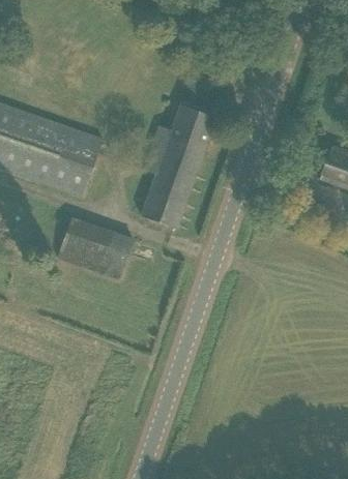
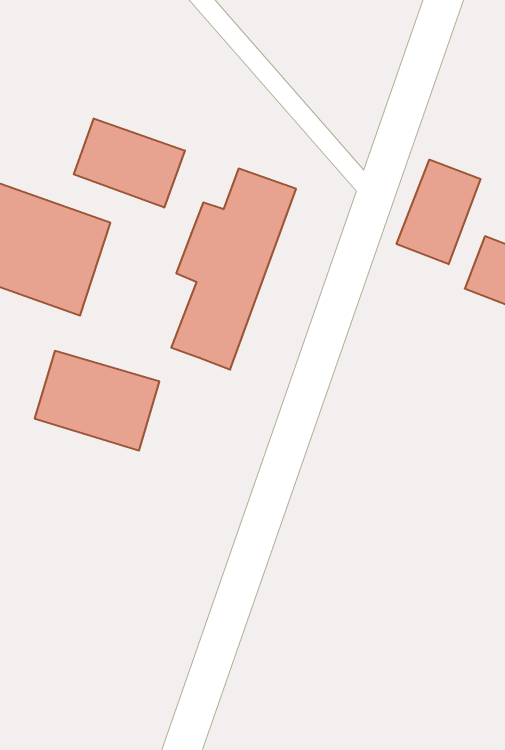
building: none -> [74,118,185,208]
building: none -> [397,160,481,264]

